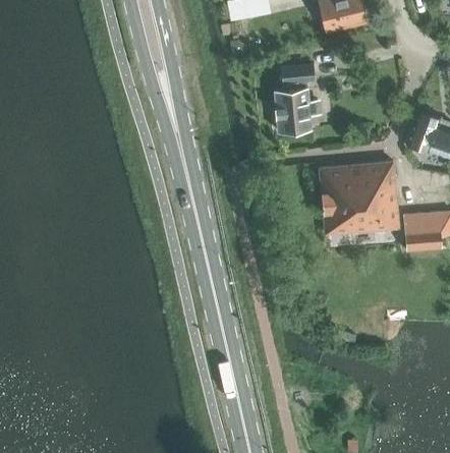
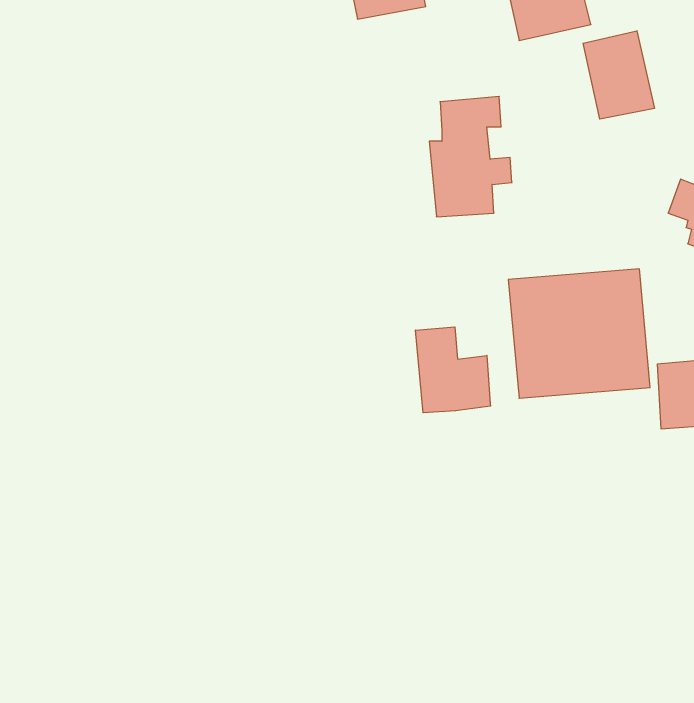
building: none -> [583,31,654,119]
building: none -> [416,327,491,413]

